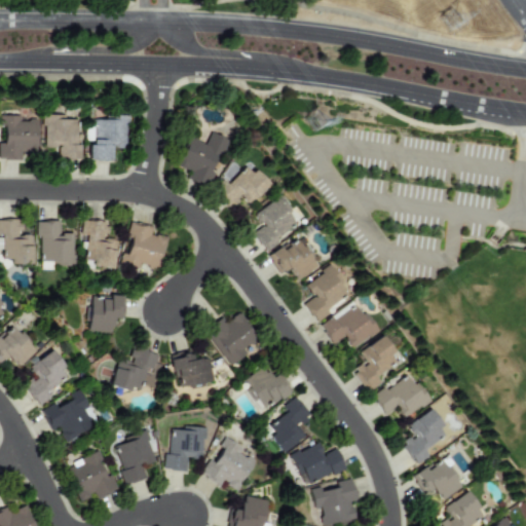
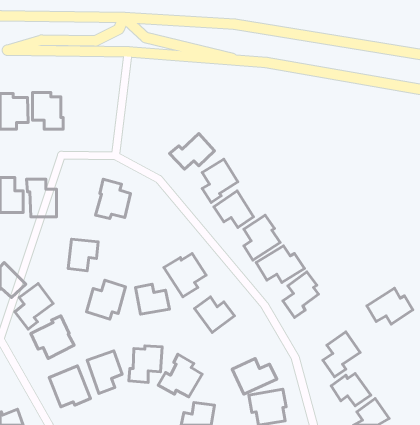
building: [89,116,130,160] -> none
building: [180,133,229,187] -> none
building: [83,220,120,269] -> none
building: [376,374,433,418] -> [367,288,413,324]
building: [268,397,314,452] -> none

